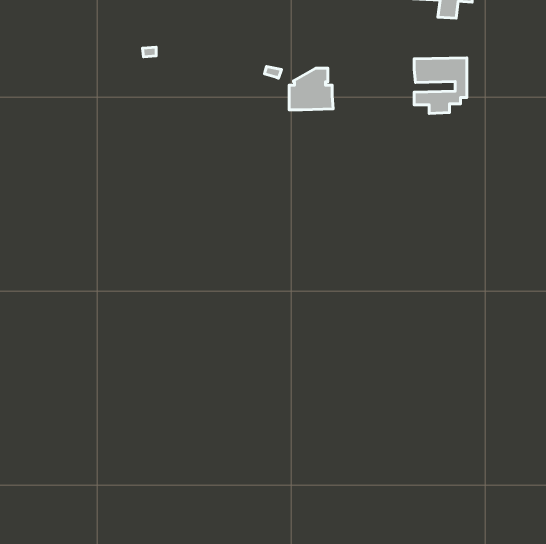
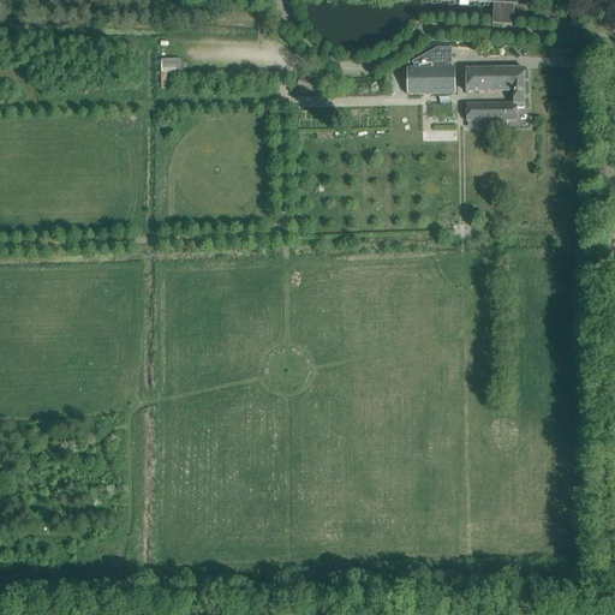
building: [289,68,333,110] -> [406,44,455,91]

